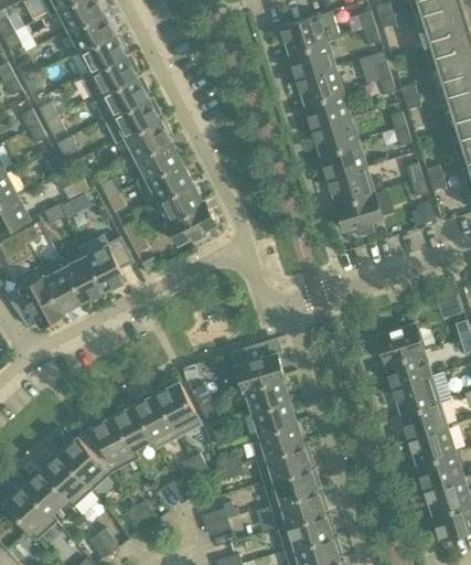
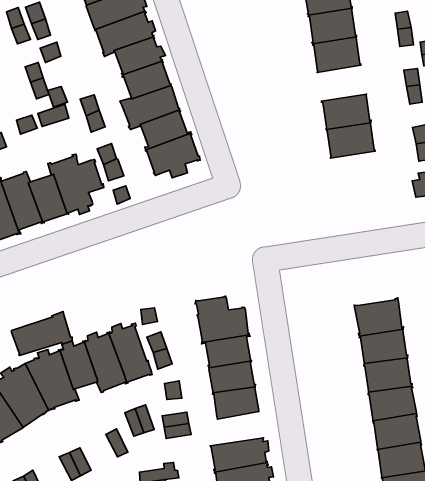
building: [311,117,358,154] -> none
building: [334,193,382,234] -> none
building: none -> [12,311,72,355]
building: [256,445,310,482] -> none

